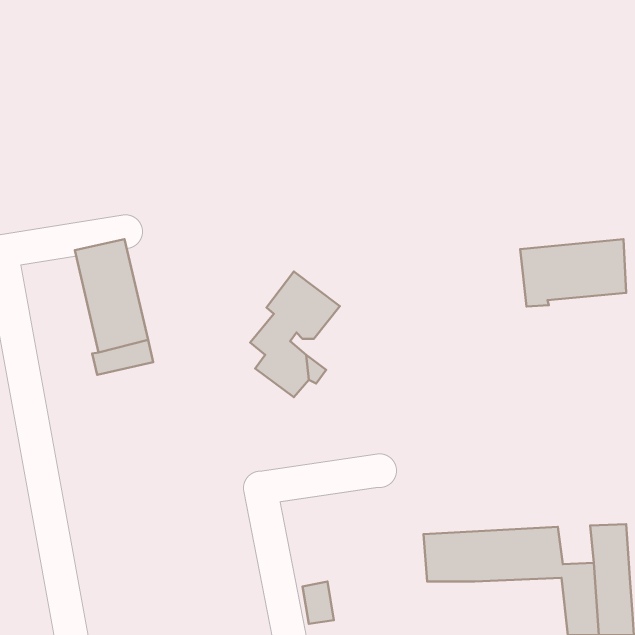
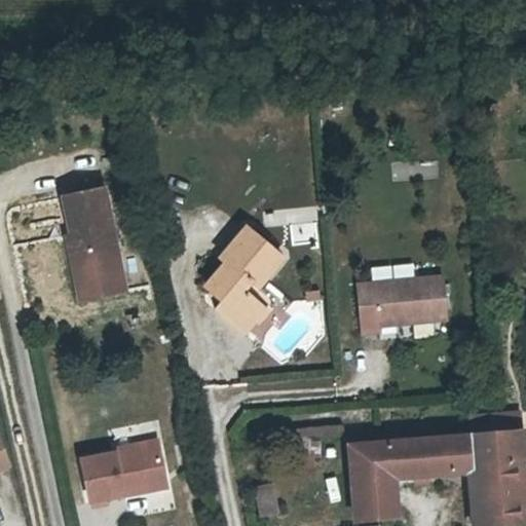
building: [520,239,626,306] -> [359,275,446,331]
building: none -> [461,434,491,465]
building: none -> [84,443,168,502]
building: none -> [353,480,394,520]

